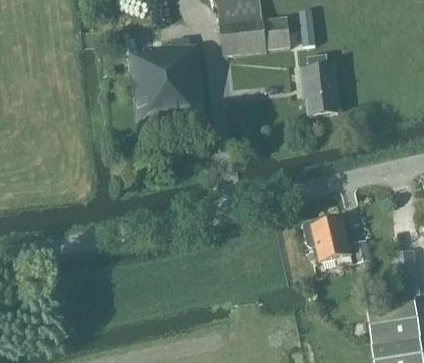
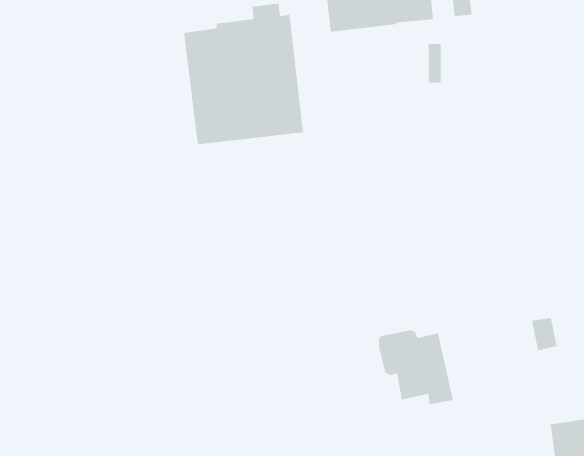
building: [301,54,340,116] -> none
building: [304,217,353,266] -> [378,329,454,405]

